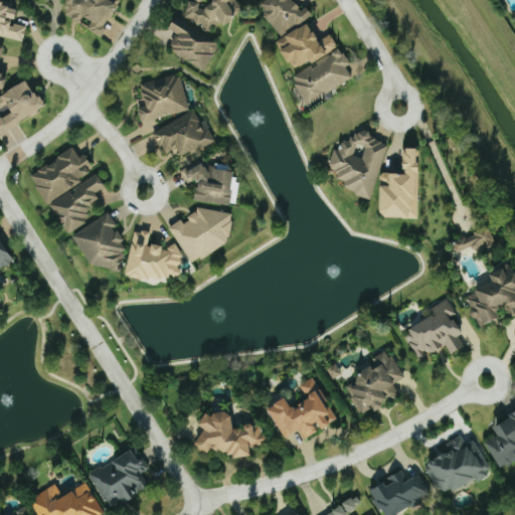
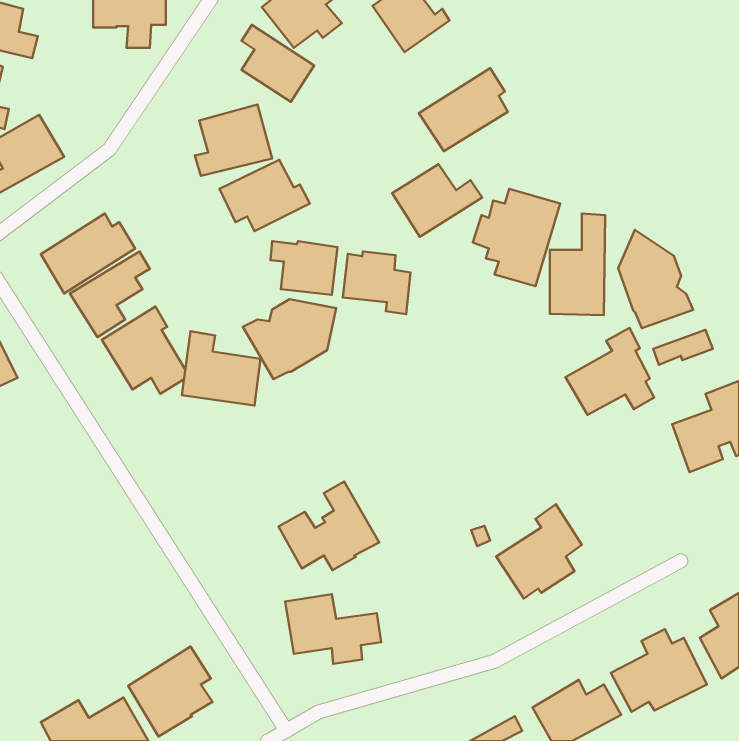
building: [275,22,337,72] -> [392,164,482,237]
building: none -> [618,230,693,328]
building: none -> [343,252,410,314]
building: [402,299,464,359] -> [566,328,654,415]
building: [267,377,336,439] -> [279,481,379,570]

